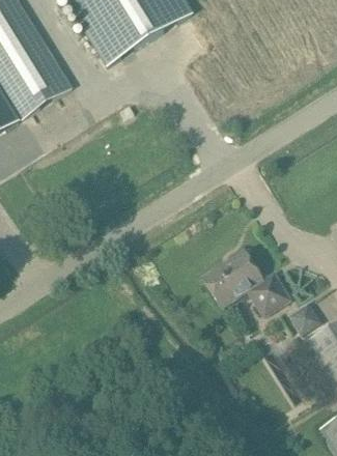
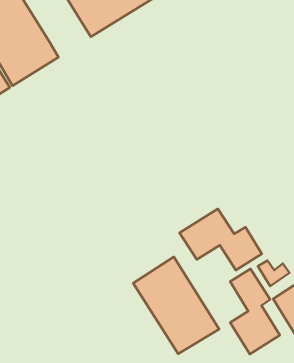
building: none -> [133,257,219,354]
building: none -> [230,269,280,354]

